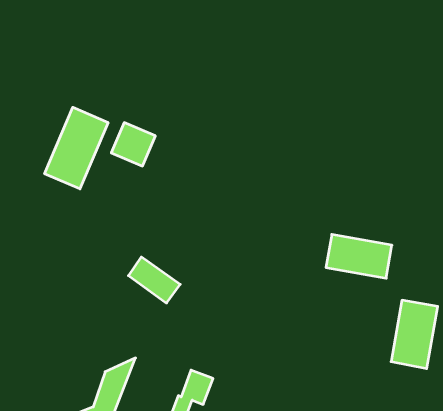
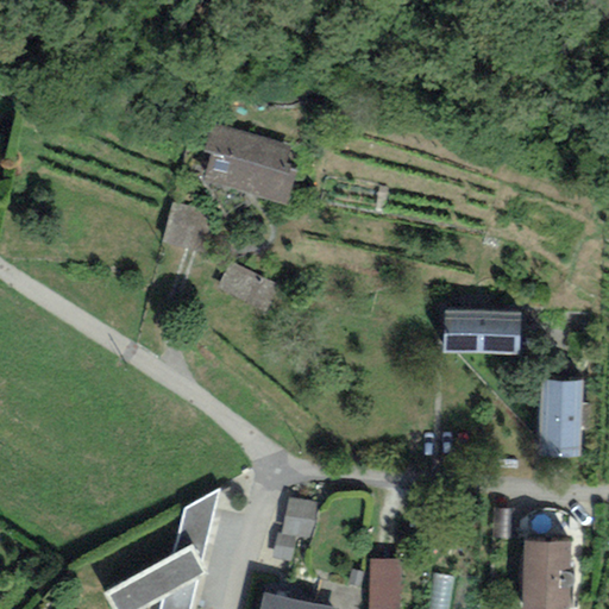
building: none -> [205,123,299,206]
building: [45,107,108,189] -> none
building: [128,257,180,303] -> [216,260,282,314]

